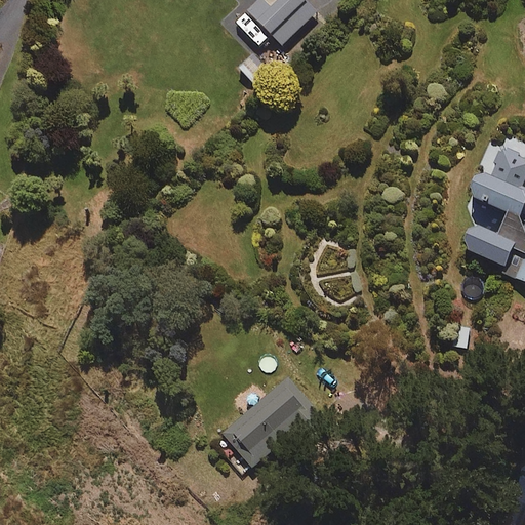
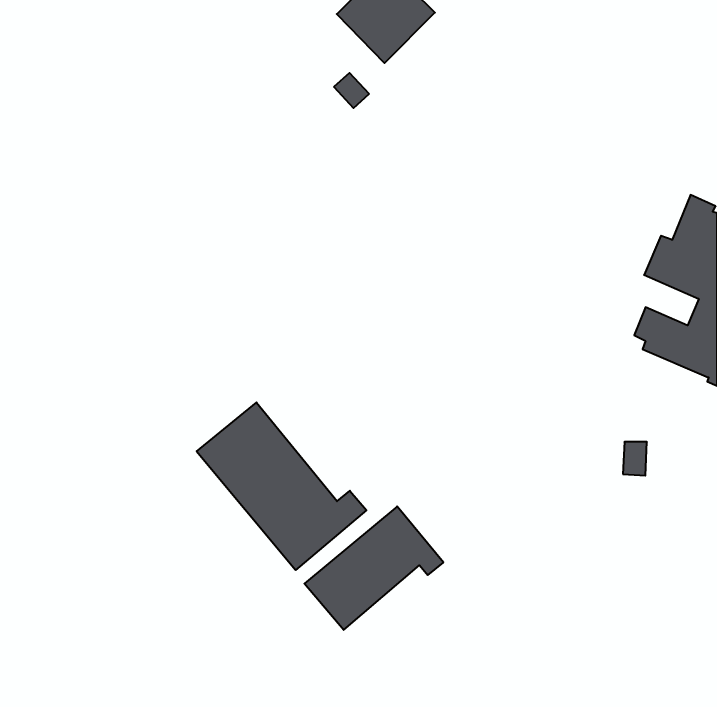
building: none -> [197,402,366,570]

